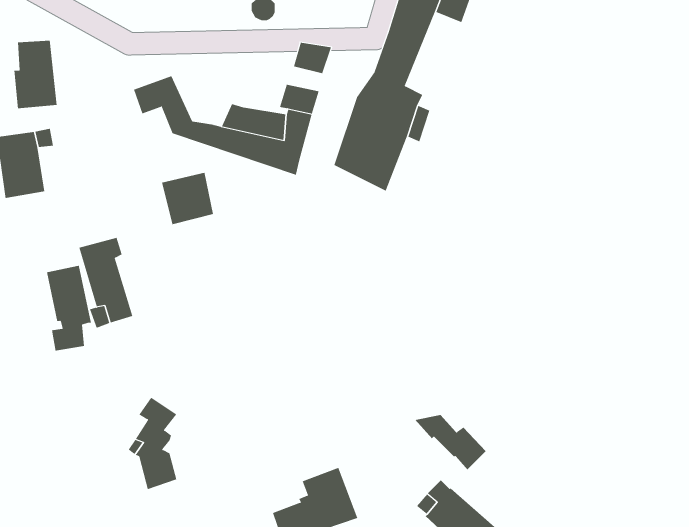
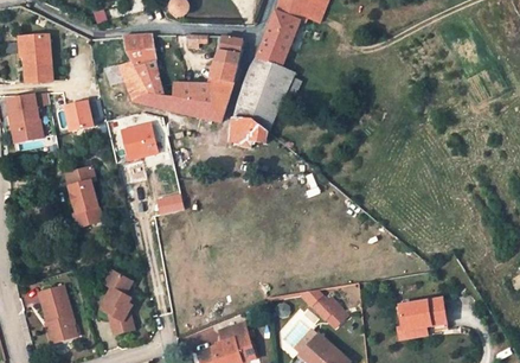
building: none -> [117,34,155,89]
building: none -> [65,97,92,129]
building: none -> [231,116,271,149]
building: [46,265,92,351] -> [43,284,73,342]
building: none -> [392,297,441,336]

